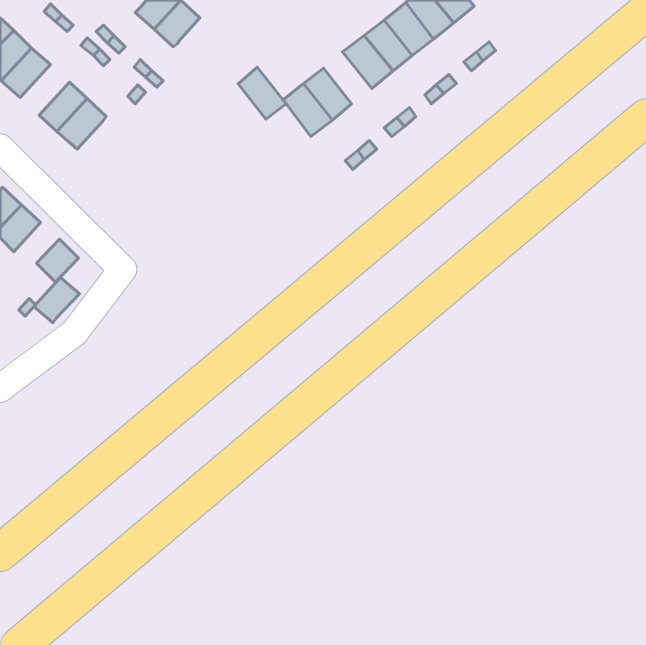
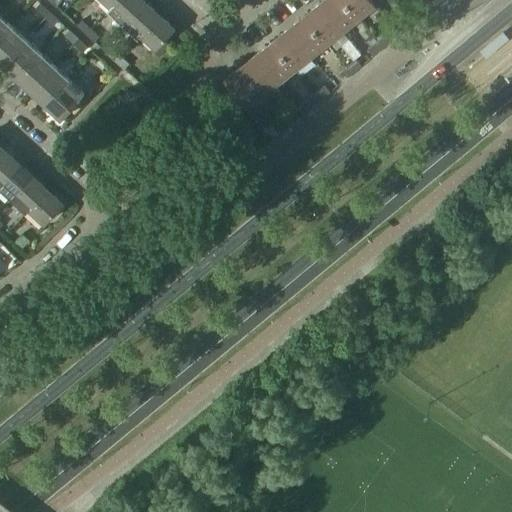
building: none -> [141,15,174,58]
building: none -> [16,52,55,92]
building: [238,67,286,119] -> [256,42,294,83]
building: [34,277,79,323] -> [11,177,47,213]

